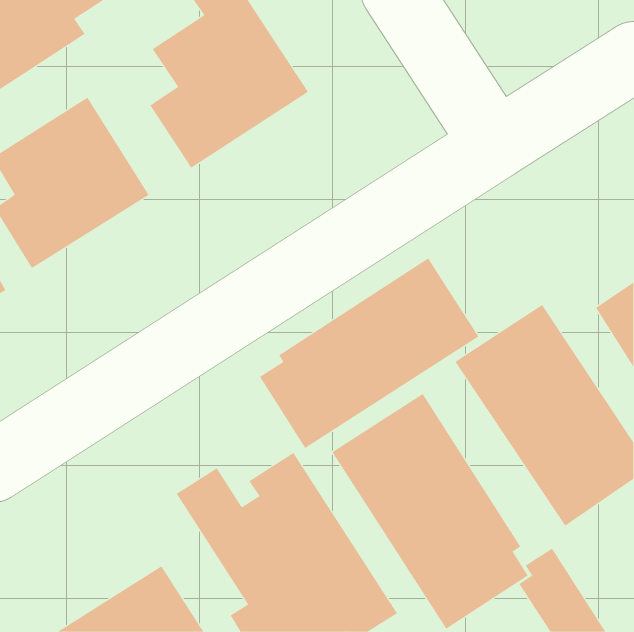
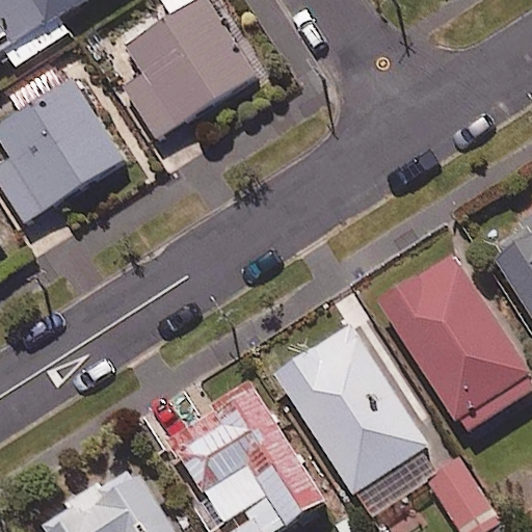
building: [259,258,479,449] -> none

